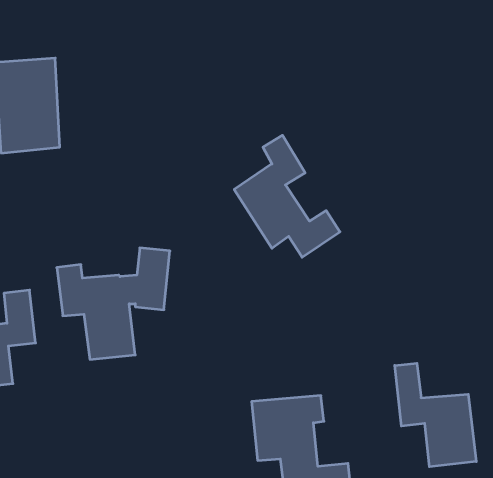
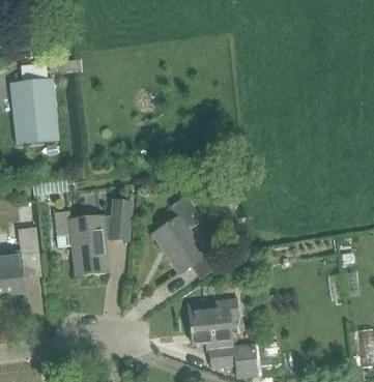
building: [234,135,340,257] -> [153,196,226,280]
building: [395,363,476,467] -> none

